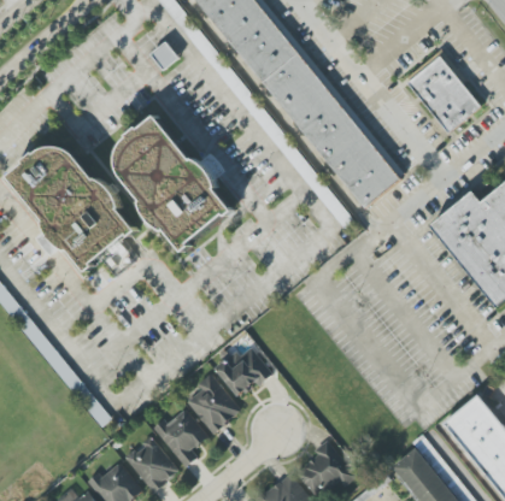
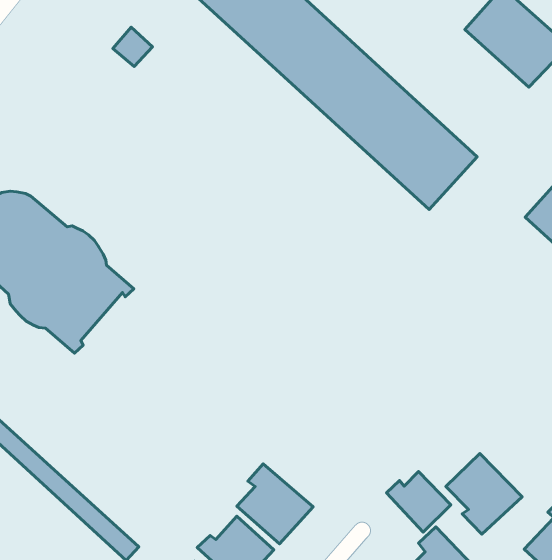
building: [118,114,233,250] -> none
building: [215,347,270,397] -> none
building: none -> [446,454,522,534]
building: none -> [386,471,451,532]

